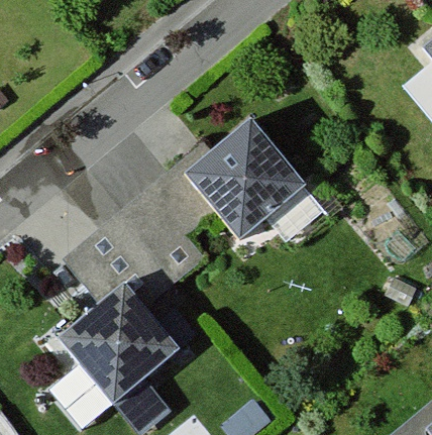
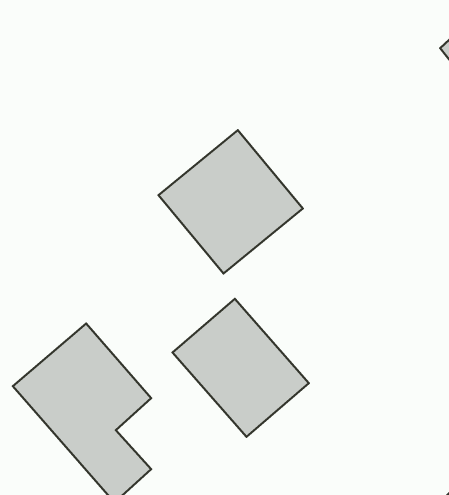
building: none -> [172,299,309,437]

